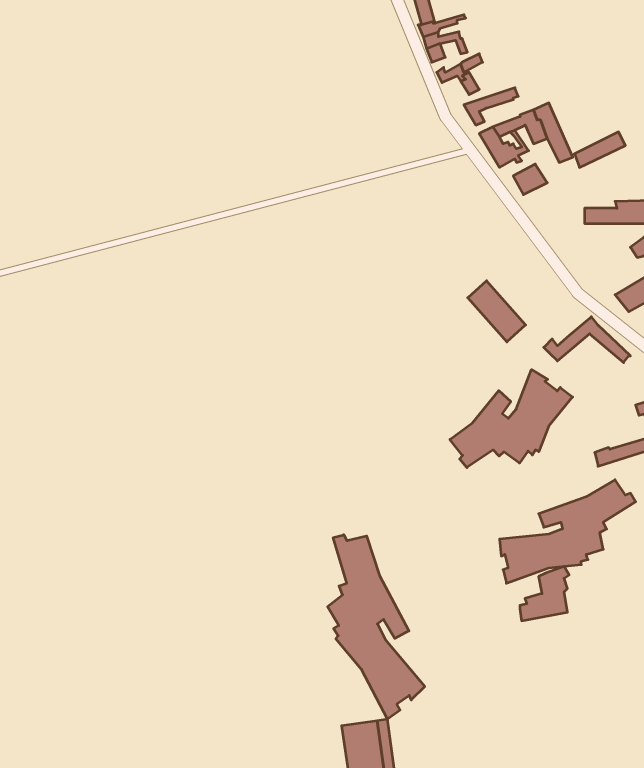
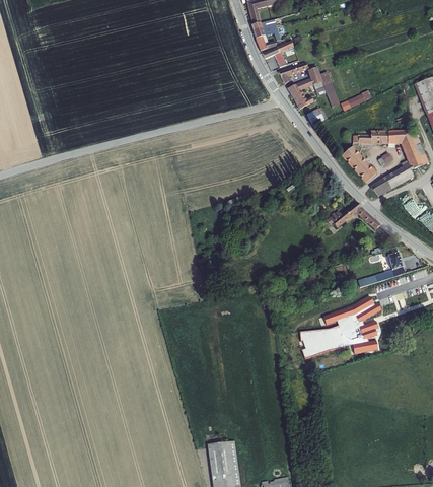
building: [468,281,526,342] -> [342,145,376,182]
building: [450,370,573,468] -> none
building: [328,535,425,719] -> none
building: [520,566,569,621] -> [350,322,379,354]

